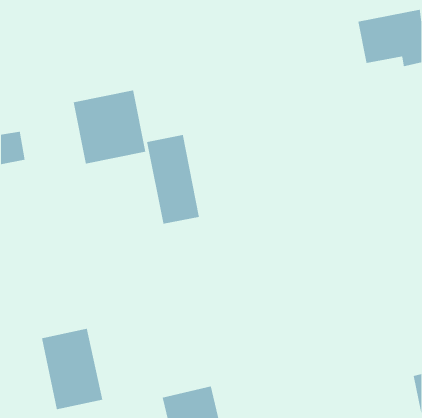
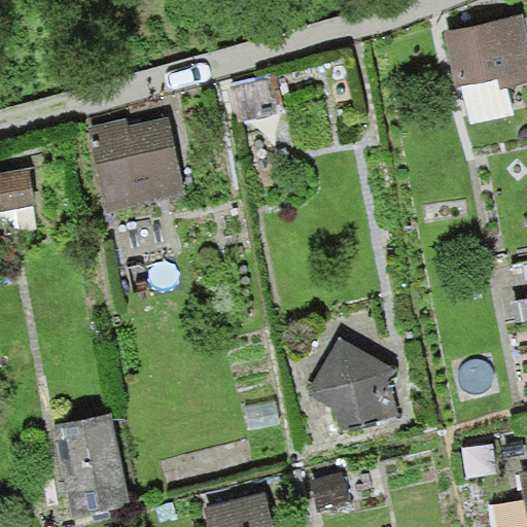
building: [146,134,199,225] -> none
building: none -> [307,340,392,425]

